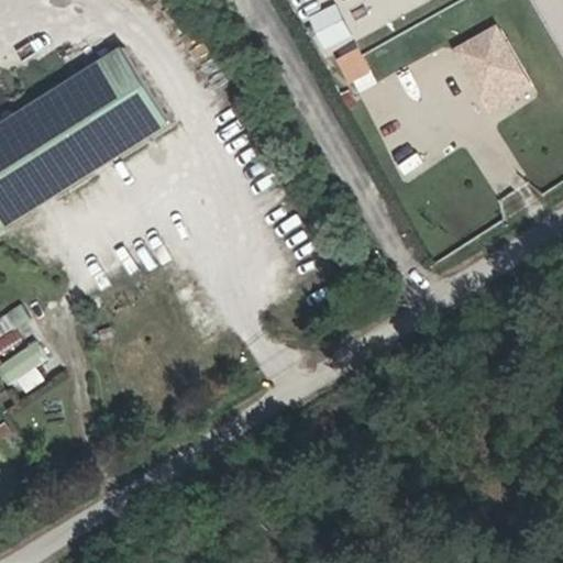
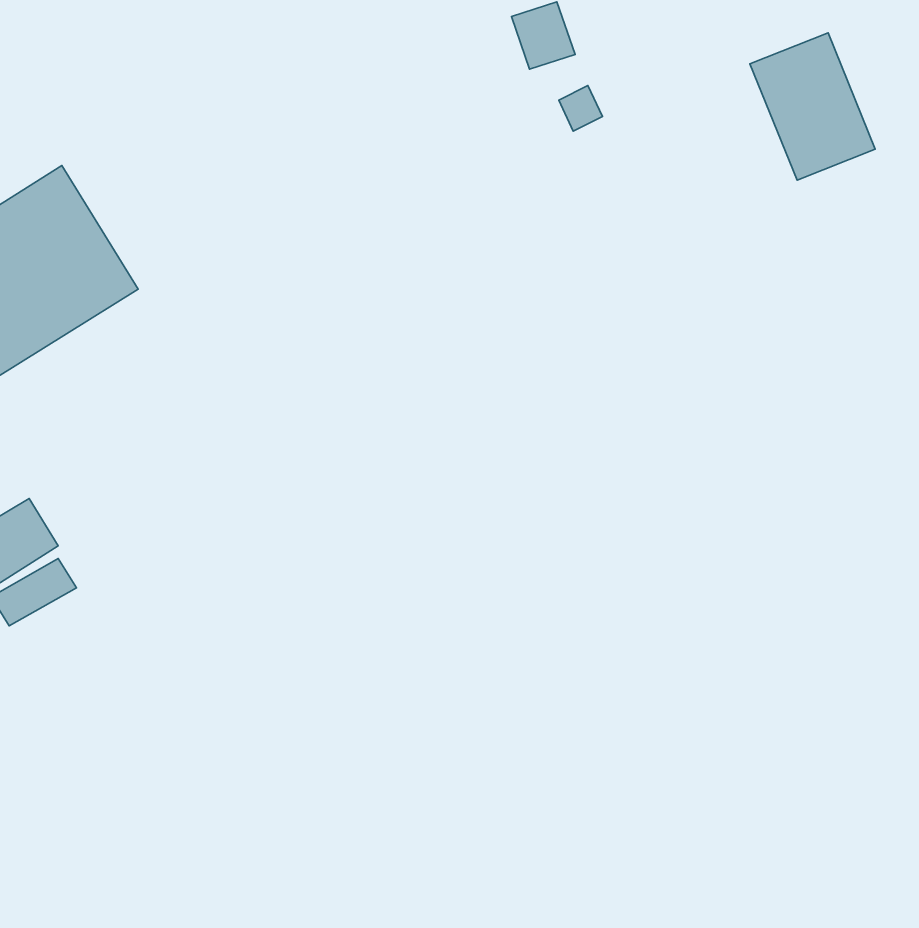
building: [37,49,167,176] -> none

